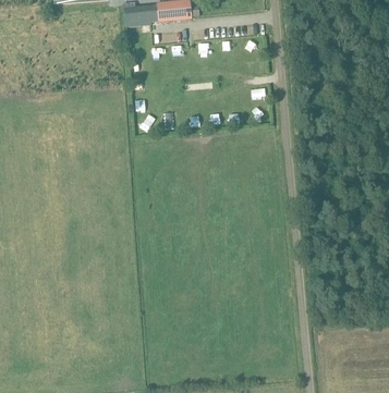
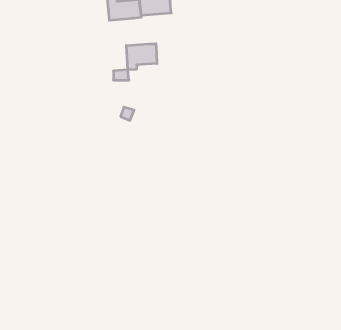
building: none -> [126,44,157,70]

